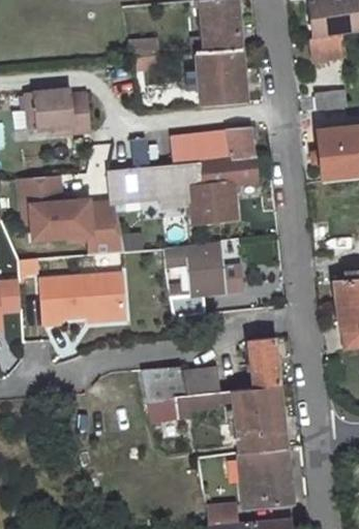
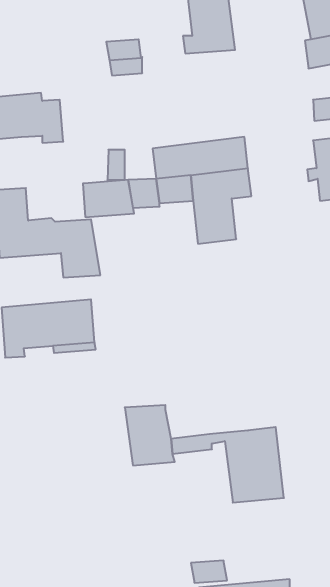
building: [190,50,250,106] -> none
building: [162,242,223,315] -> none
building: [250,338,280,388] -> none
building: [182,366,221,396] -> none
building: [242,448,293,504] -> none

